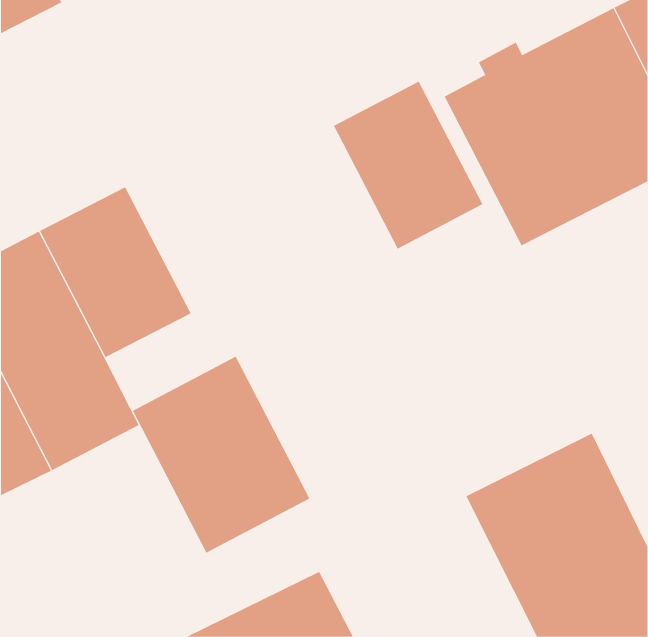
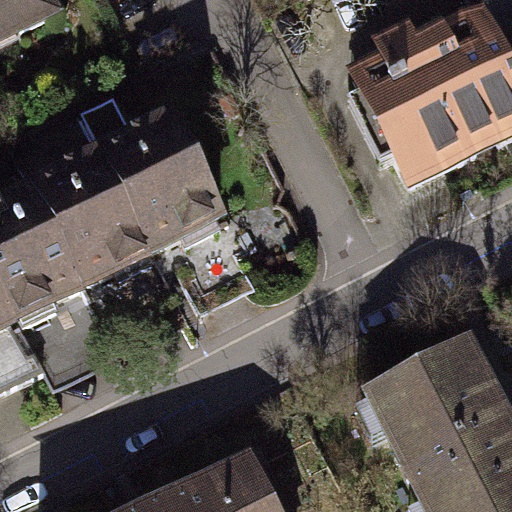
building: [333,81,483,249] -> none
building: none -> [81,96,227,247]
building: [132,356,310,553] -> none

